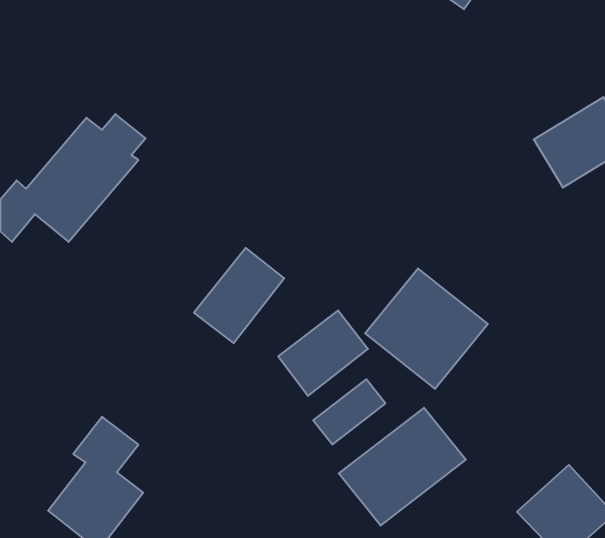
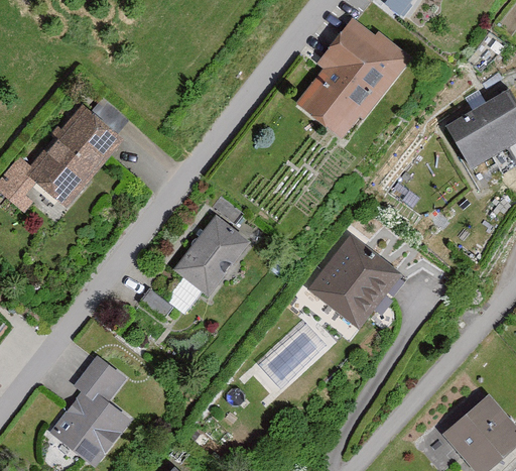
building: none -> [306,17,417,137]
building: [278,310,368,396] -> none
building: [339,408,466,526] -> none

